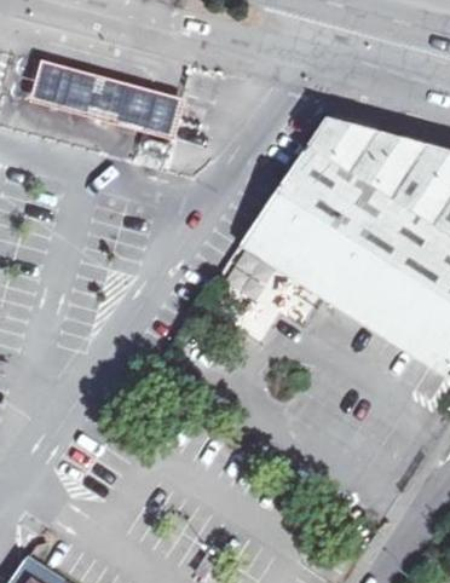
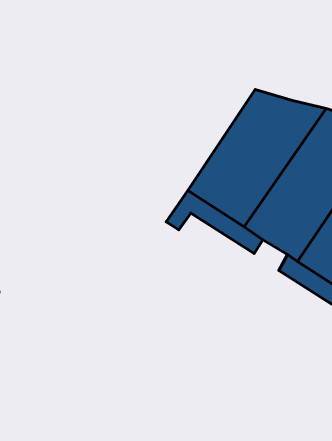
building: [29,58,184,138] -> none

